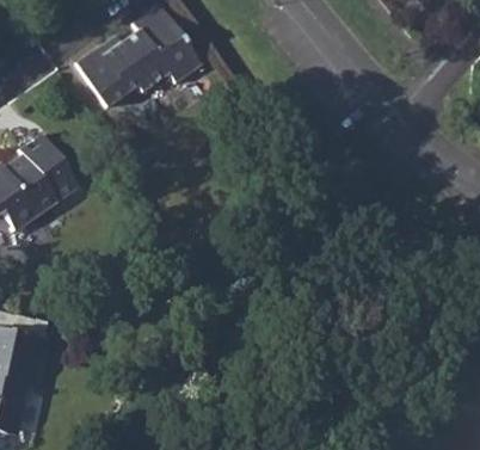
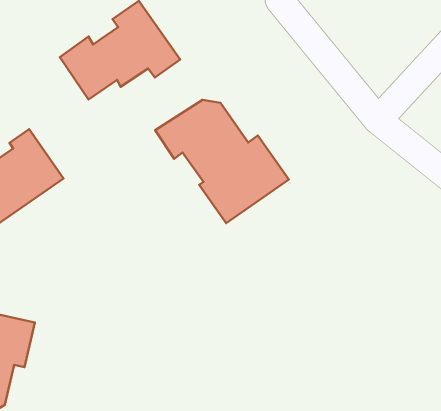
building: none -> [155,100,289,223]

